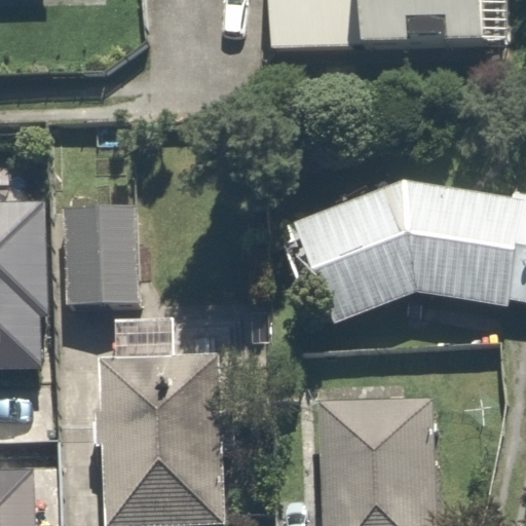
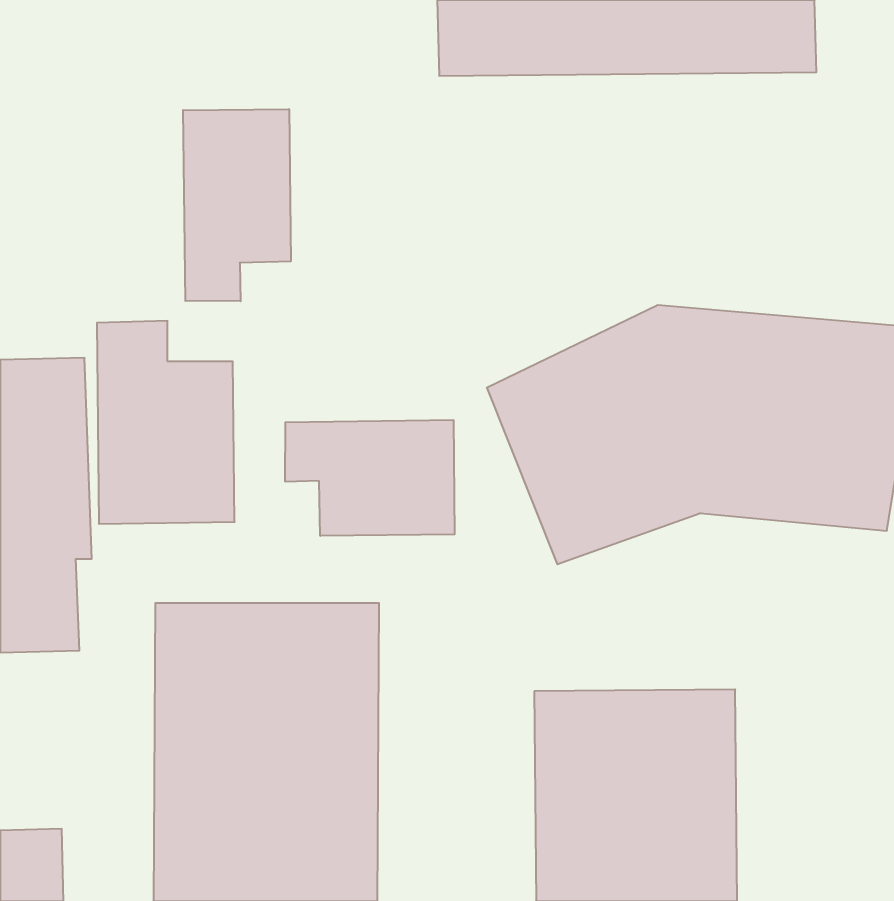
building: none -> [183,109,291,301]
building: none -> [285,420,455,536]

